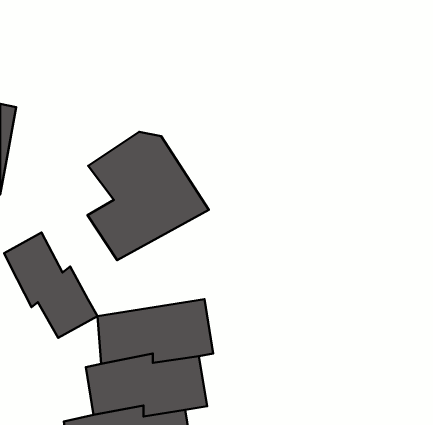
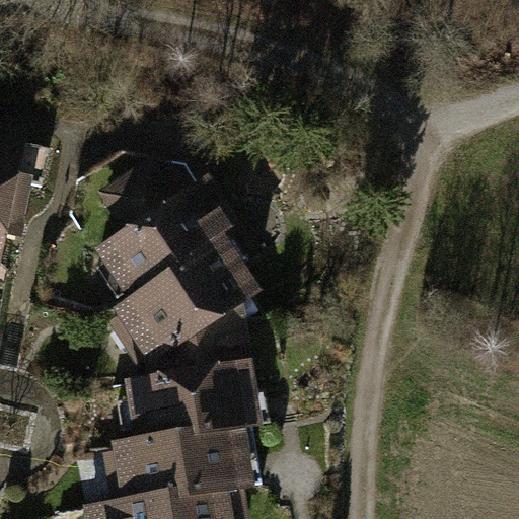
building: none -> [121,262,278,379]
building: [4,232,98,338] -> none

